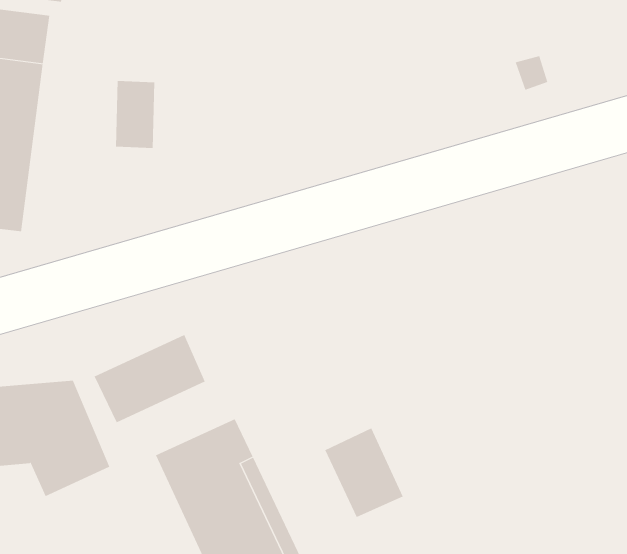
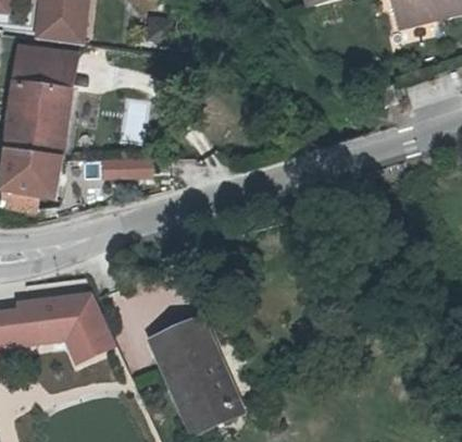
building: none -> [98,152,151,176]
building: [94,334,205,423] -> none
building: [325,427,404,518] -> none

